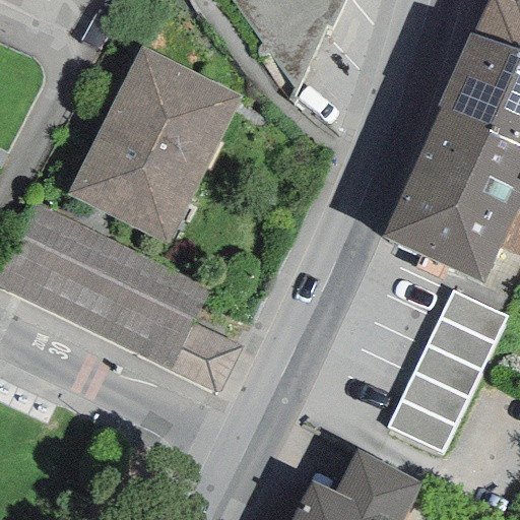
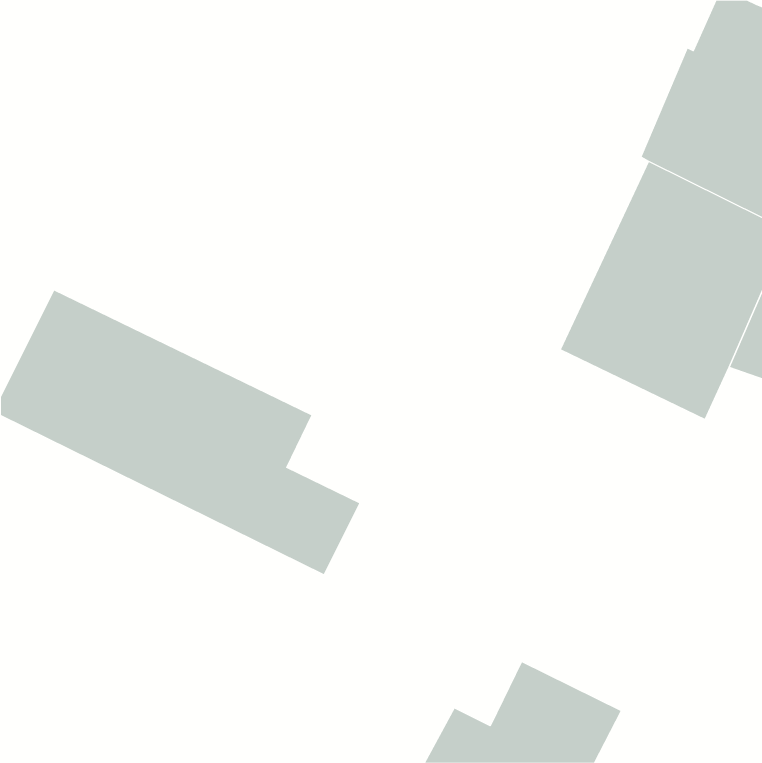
building: [70,43,246,244] -> none
building: [385,289,507,456] -> none

